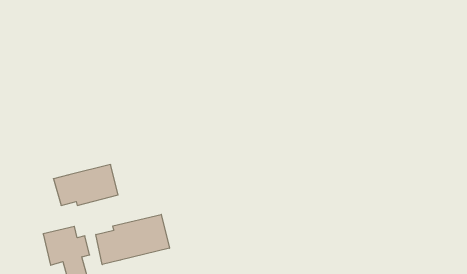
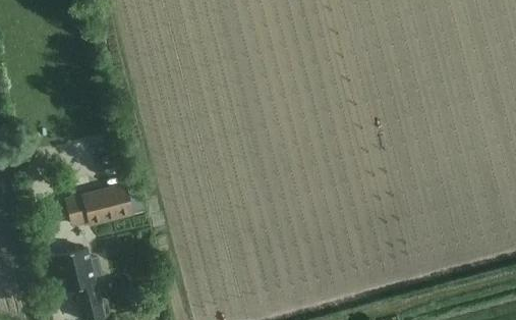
building: [96,214,169,265] -> none

